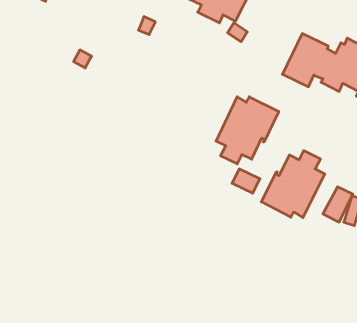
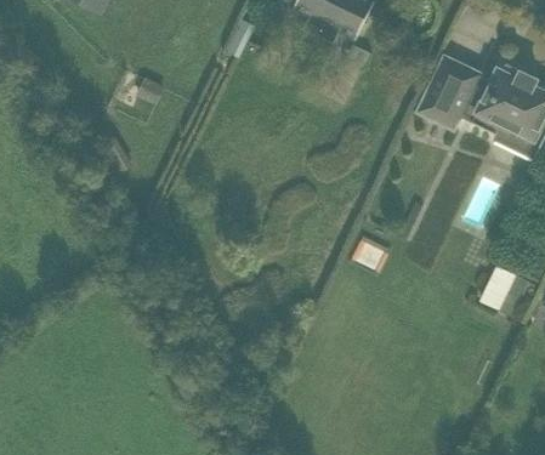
building: [216,97,279,164] -> none
building: [261,151,325,218] -> none

